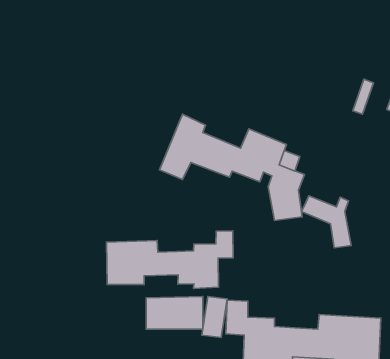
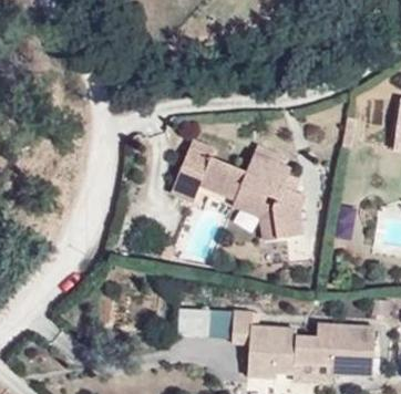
building: [301,196,351,248] -> [240,193,286,240]
building: [106,231,233,289] -> none

